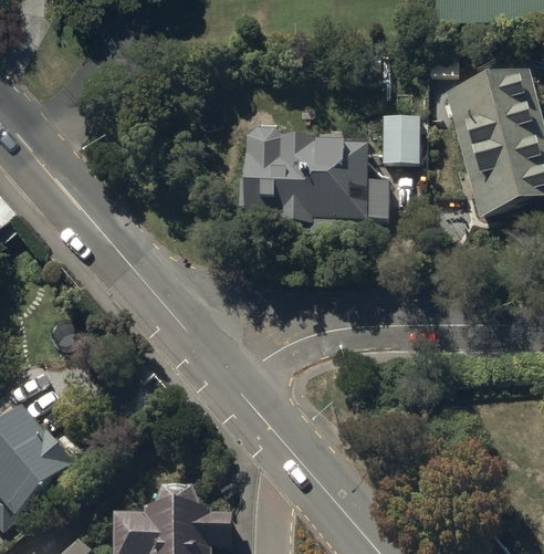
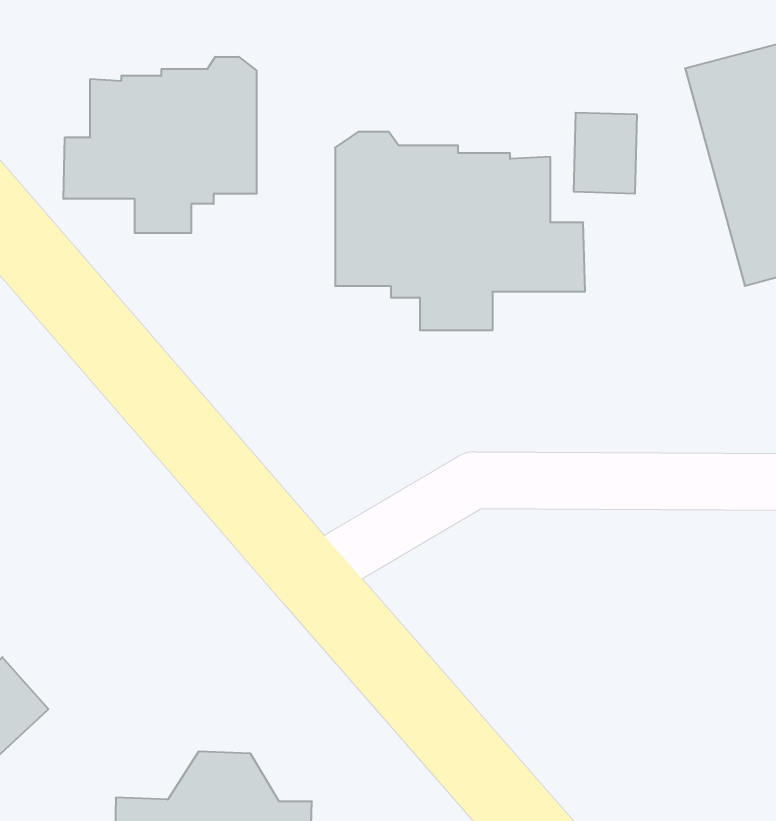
building: none -> [64,57,257,233]

